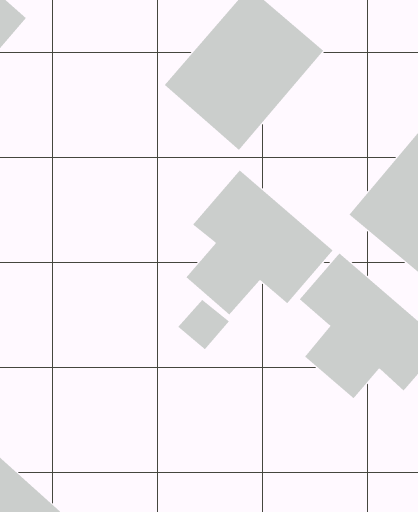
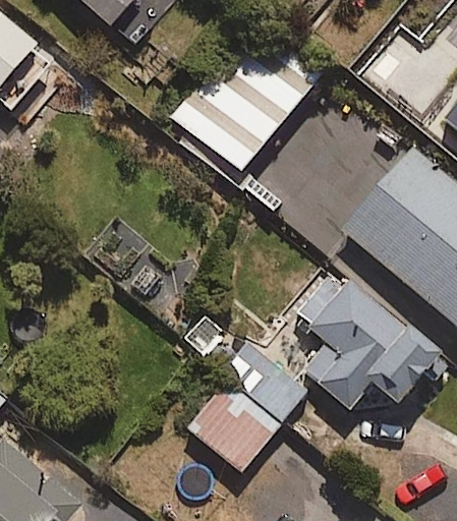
building: [186,169,334,315] -> none
building: none -> [189,341,308,471]

